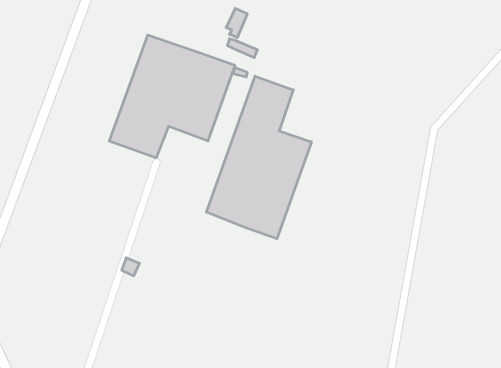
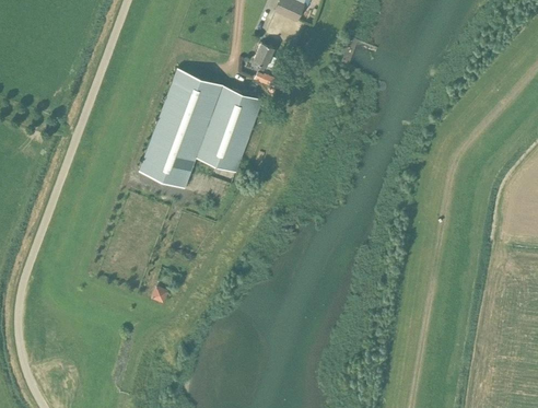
building: [207,76,311,239] -> none

